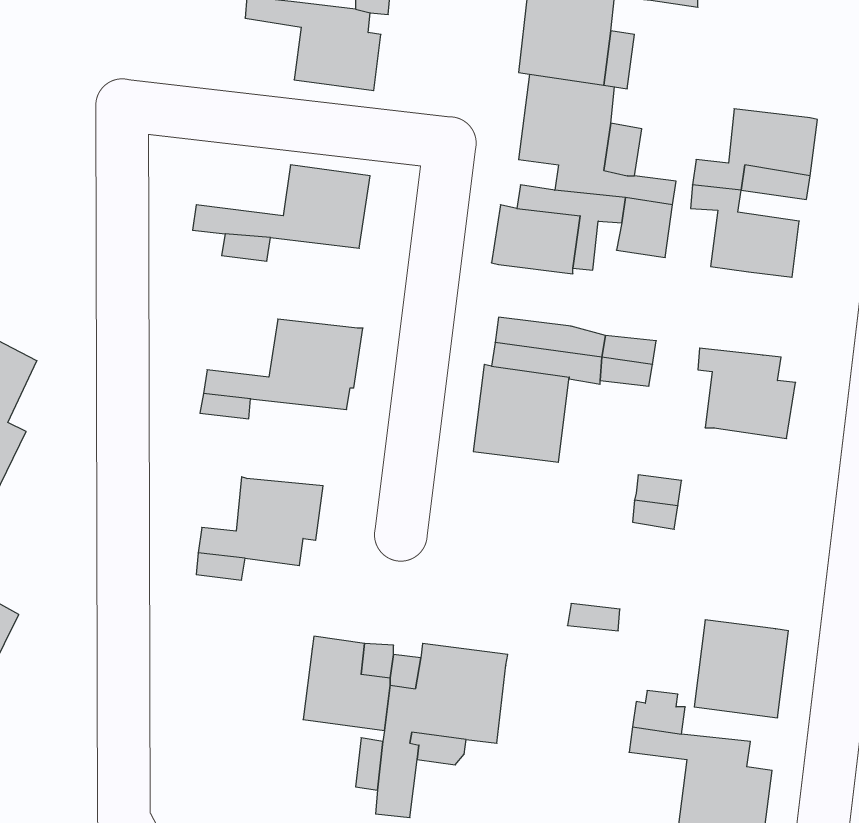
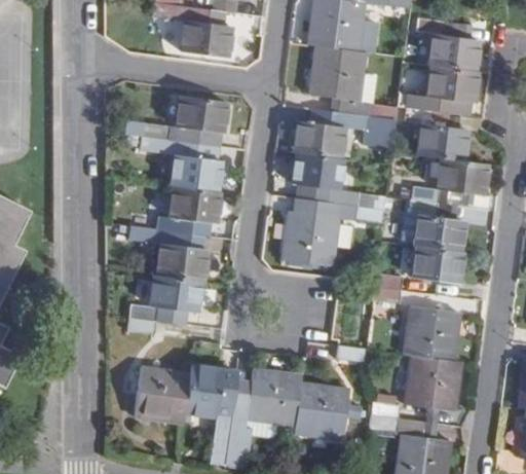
building: none -> [415,17,477,71]
building: none -> [171,153,220,190]
building: none -> [291,154,341,189]
building: none -> [410,158,485,206]
building: none -> [153,243,202,281]
building: none -> [414,247,462,282]
building: none -> [406,306,458,361]
building: none -> [134,365,190,422]
building: none -> [293,381,349,438]

